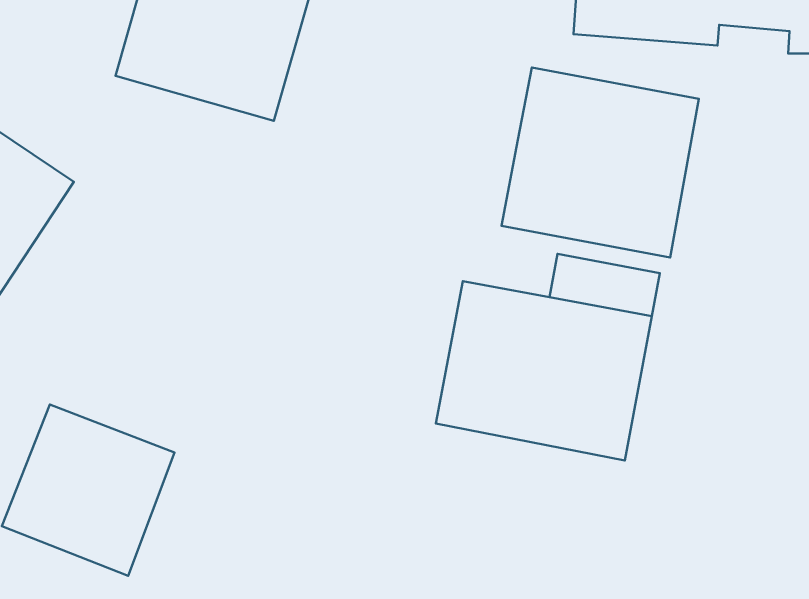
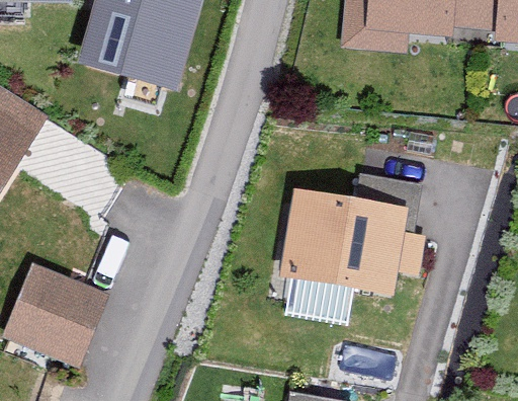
building: [502,67,699,258] -> none

